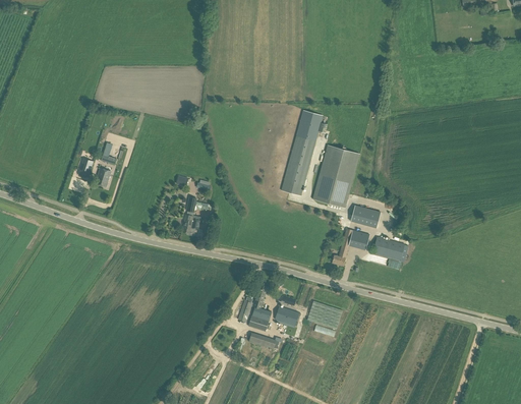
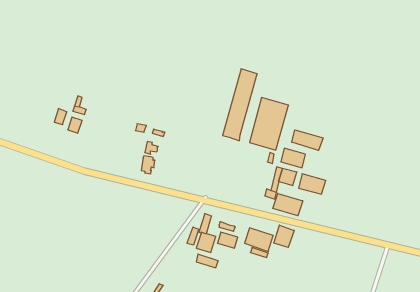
building: none -> [292,130,323,150]
building: none -> [273,193,303,216]
building: none -> [274,225,294,247]

